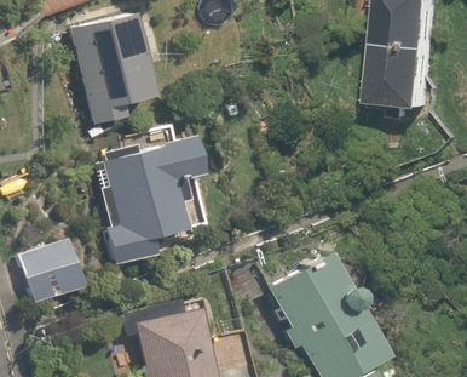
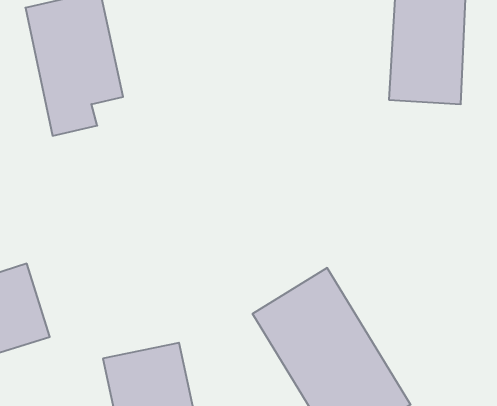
building: [99,135,196,267] -> none

